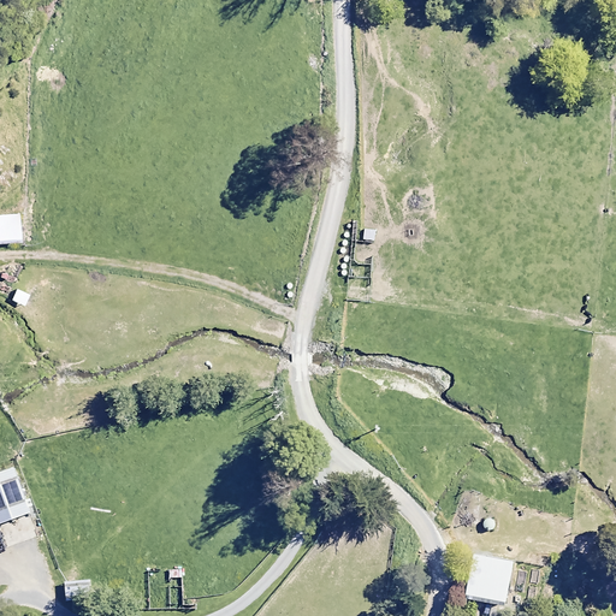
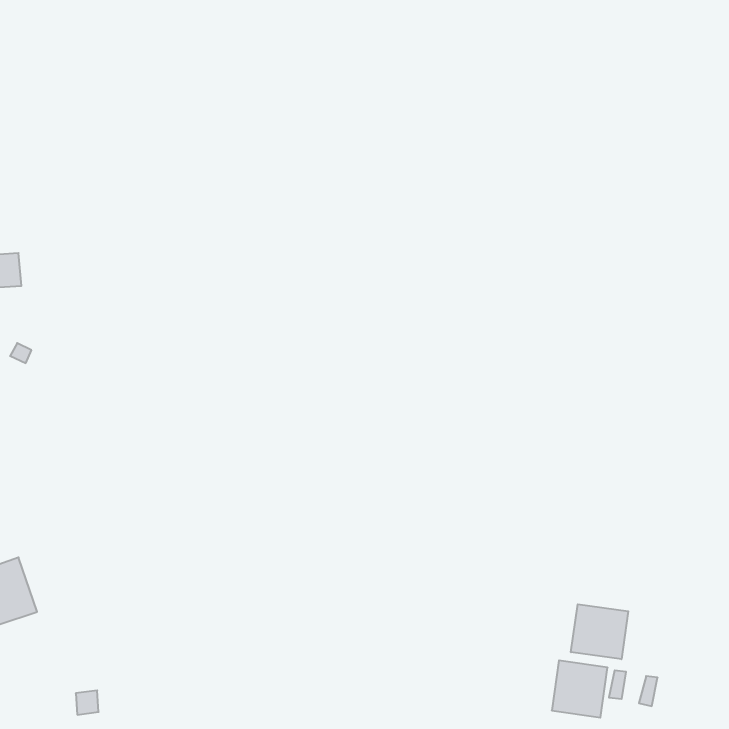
building: none -> [571,604,628,659]

